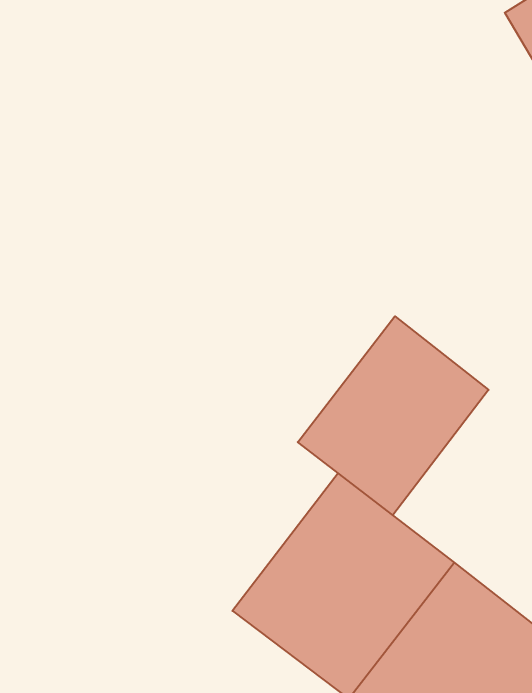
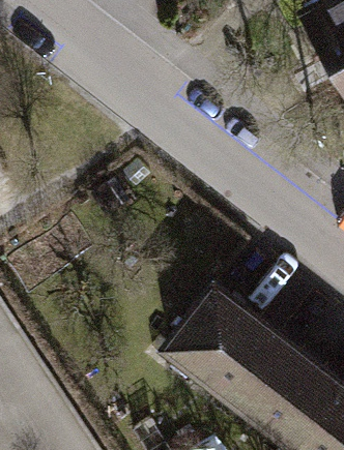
building: [298,316,489,515] -> none

